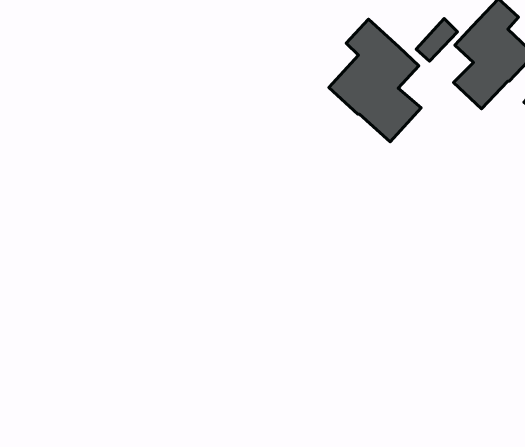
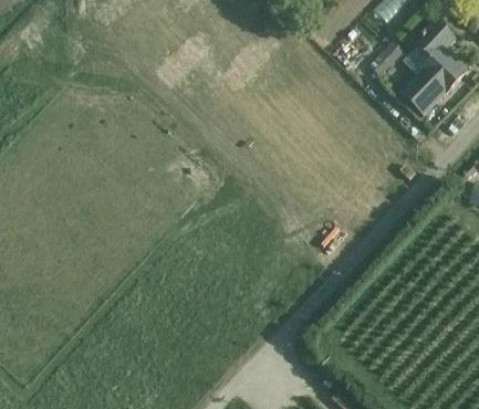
building: [329,19,421,142] -> none

